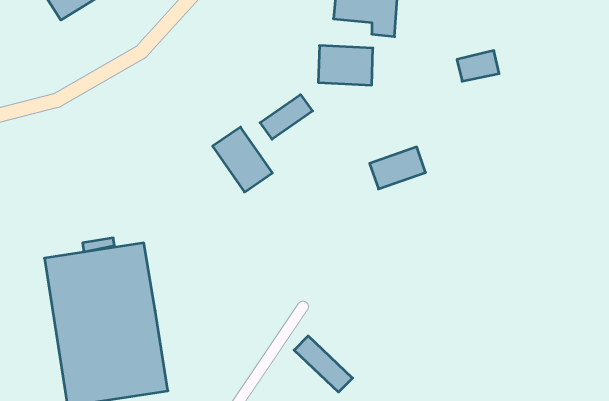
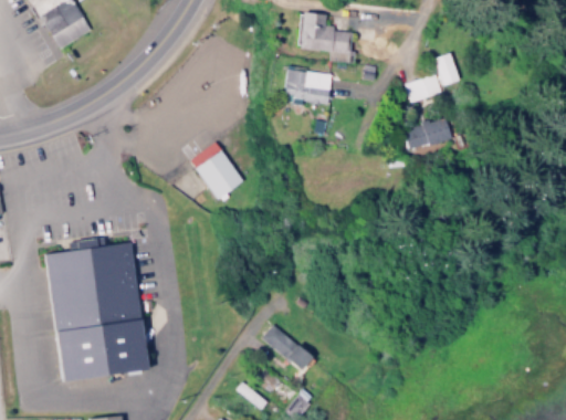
building: none -> [436,53,459,85]
building: [260,95,313,139] -> none
building: [370,147,426,189] -> [402,116,451,153]

